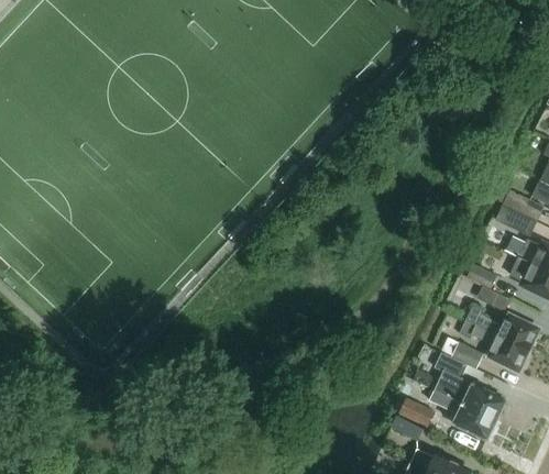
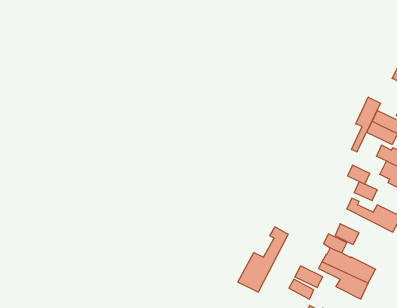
building: none -> [351,97,381,152]
building: [460,321,528,372] -> none
building: none -> [238,227,288,292]

